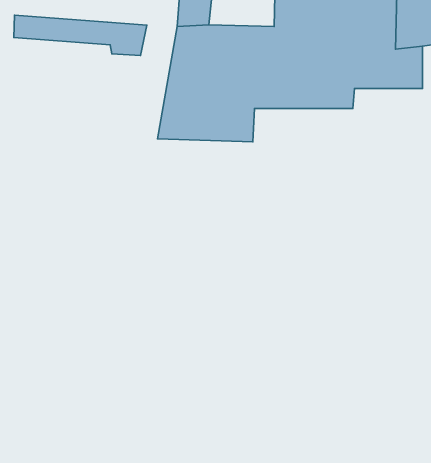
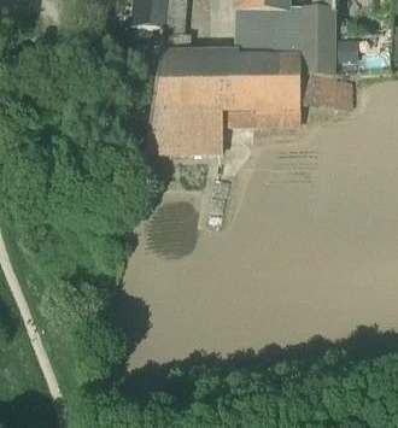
building: [14,15,147,55] -> none

